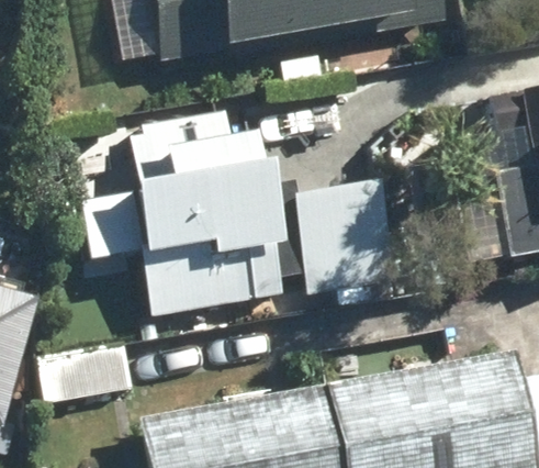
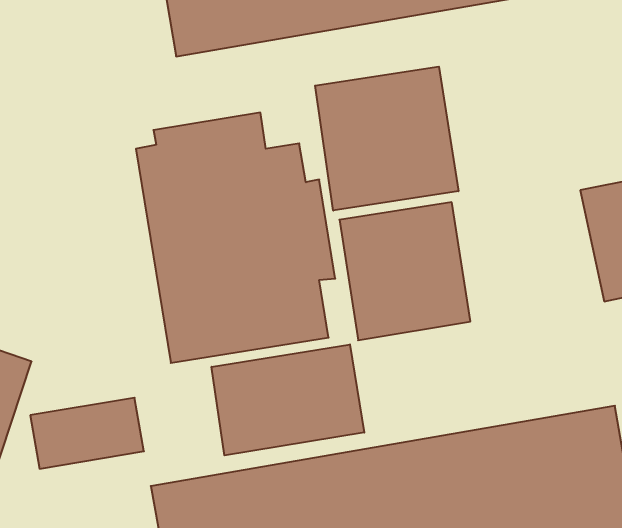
building: none -> [315,67,458,211]
building: none -> [212,344,364,455]

